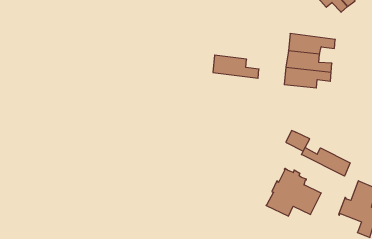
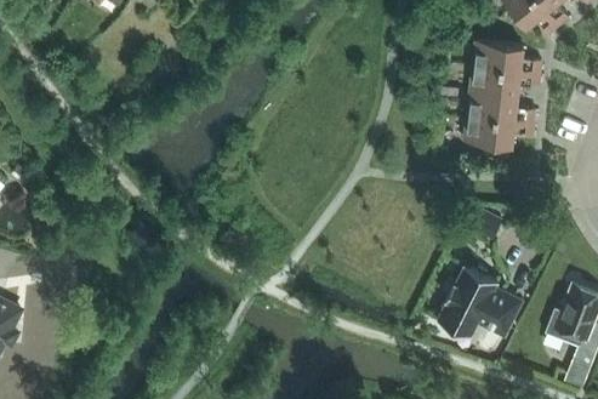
building: [213,55,259,78] -> [473,41,541,75]
building: [301,148,350,176] -> none

